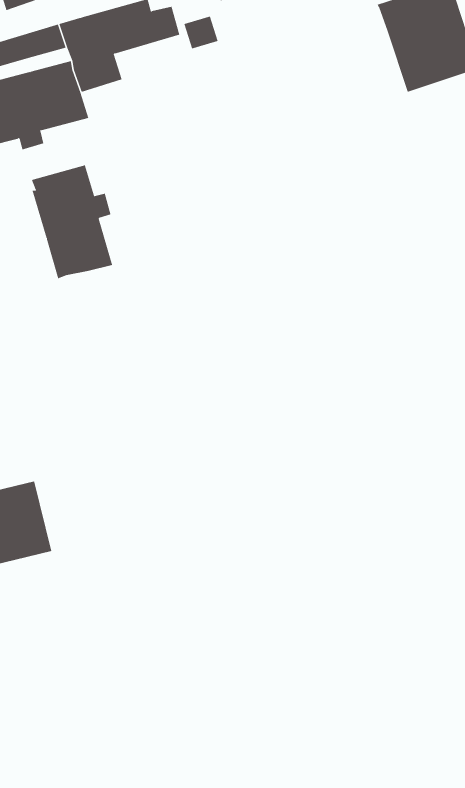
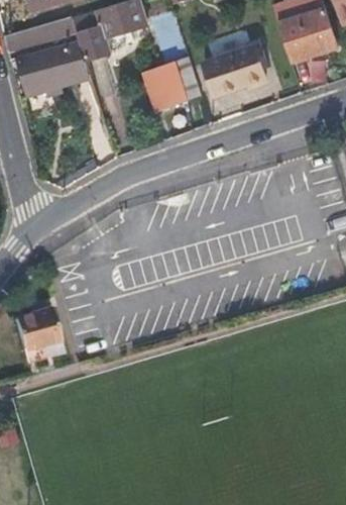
building: none -> [211,44,264,89]
building: none -> [144,72,188,109]
building: [31,165,113,279] -> none

